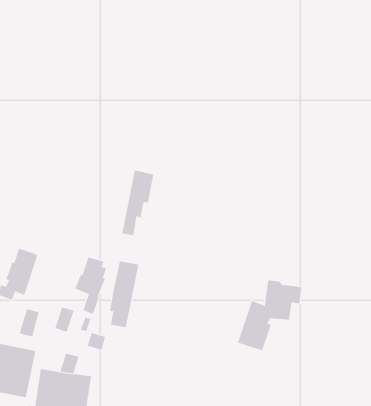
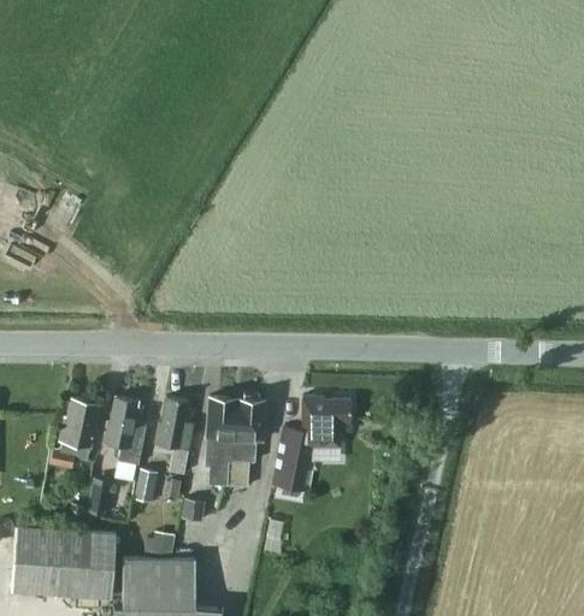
building: [122,170,154,236] -> [231,399,265,488]
building: none -> [104,398,147,466]
building: [237,280,302,351] -> [272,397,350,493]

